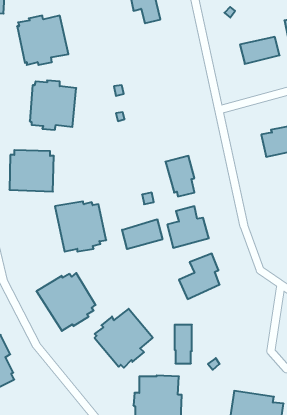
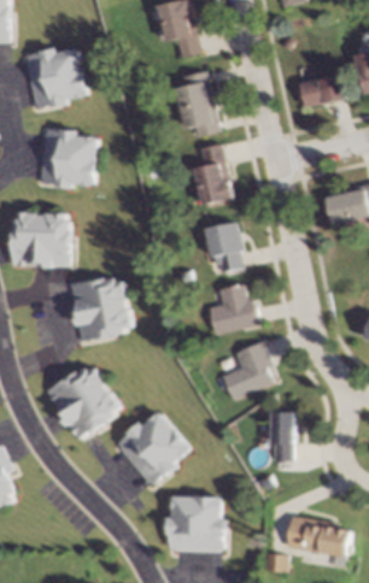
building: none -> [176,71,219,135]
building: none -> [194,145,232,204]
building: [122,219,162,249] -> none
building: [175,325,192,363] -> [274,412,295,460]

